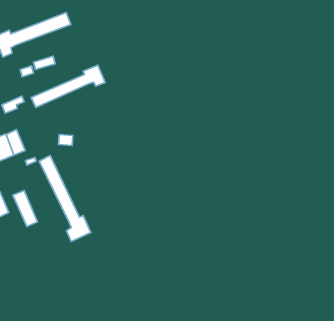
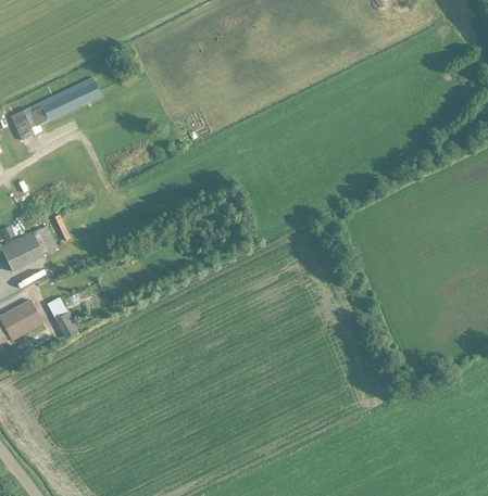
building: [31,65,105,107] -> none
building: [39,156,91,241] -> none

